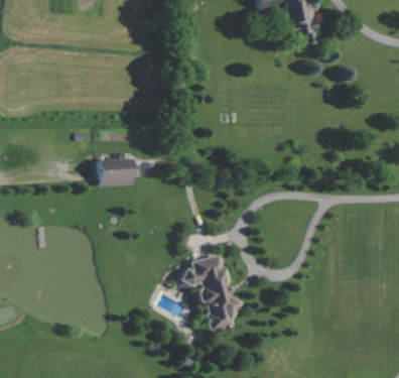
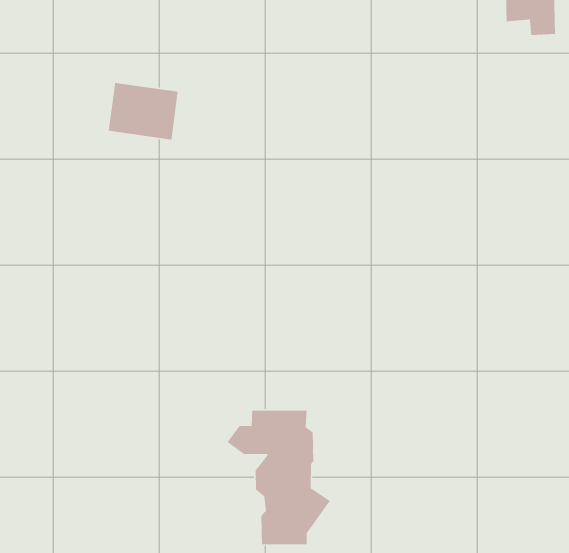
building: [100,158,135,185] -> [108,82,179,140]

